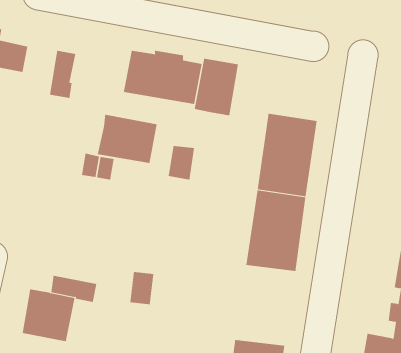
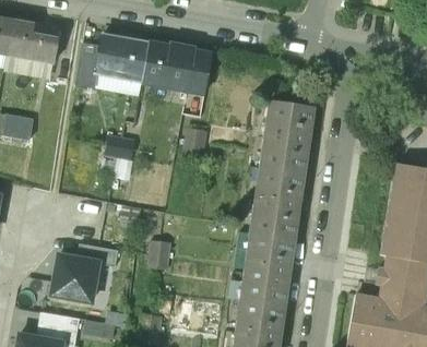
building: [194,58,239,116] -> none
building: [97,114,158,164] -> [95,37,149,81]
building: none -> [240,235,295,306]

